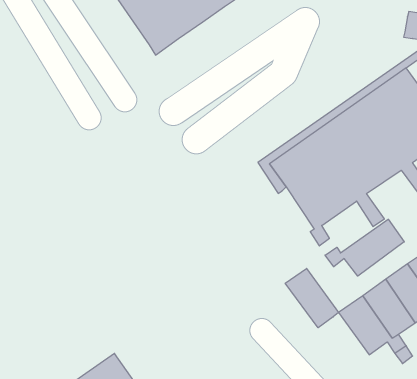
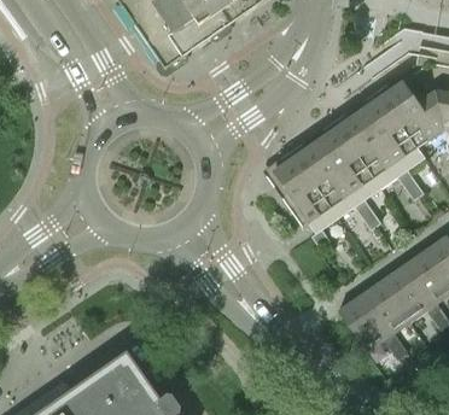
building: [325,219,404,276] -> none
building: [285,268,338,328] -> none

